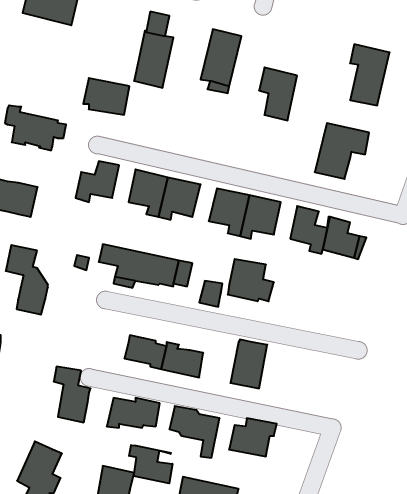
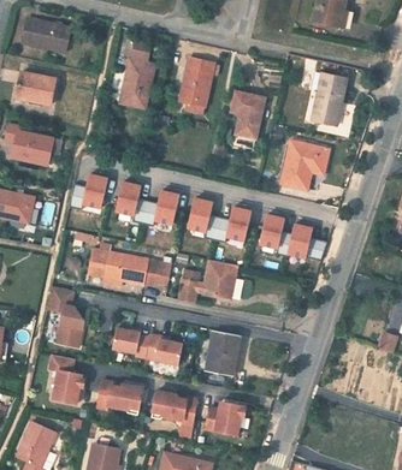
building: [83,78,129,115] -> [16,72,57,105]
building: [6,245,48,315] -> [47,286,84,347]
building: [129,445,172,483] -> none

